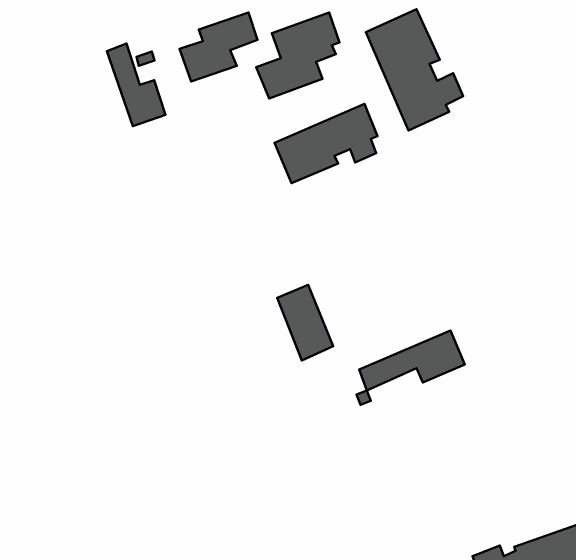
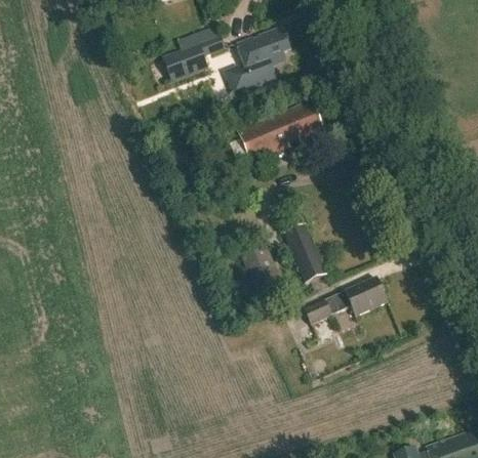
building: [366,9,463,131] -> none
building: [107,43,166,126] -> none
building: none -> [284,223,326,281]

